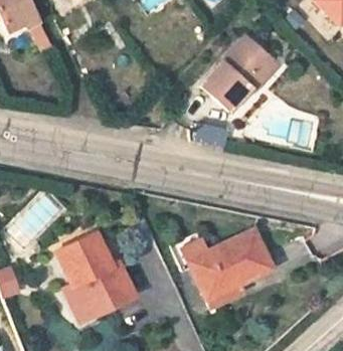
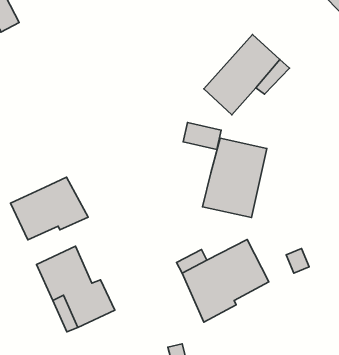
building: none -> [203,138,267,218]
building: none -> [11,177,88,240]

